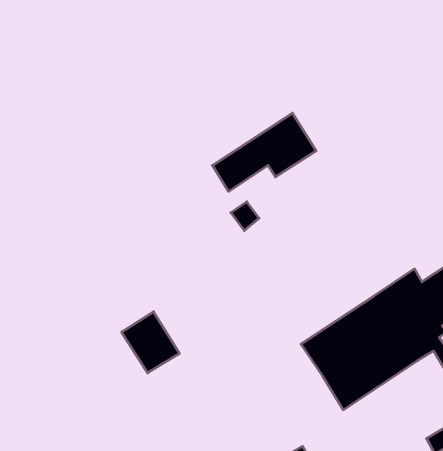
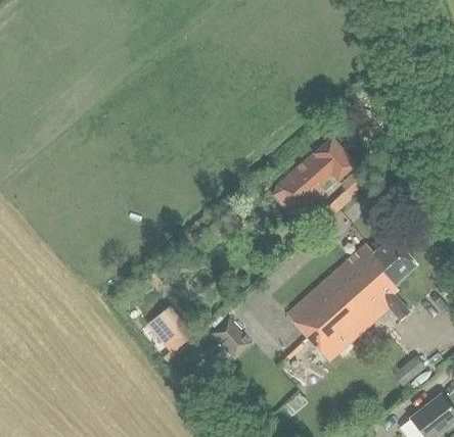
building: [212,113,316,191] -> [275,139,354,206]
building: none -> [210,317,252,358]

